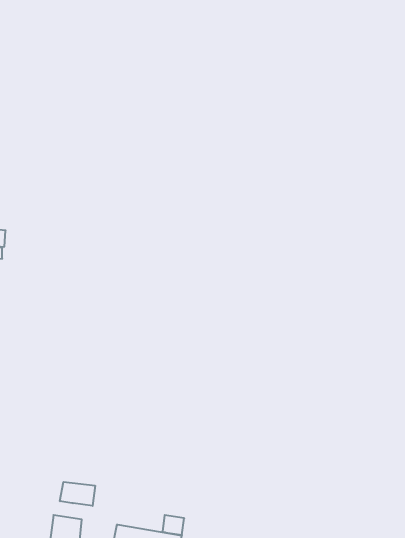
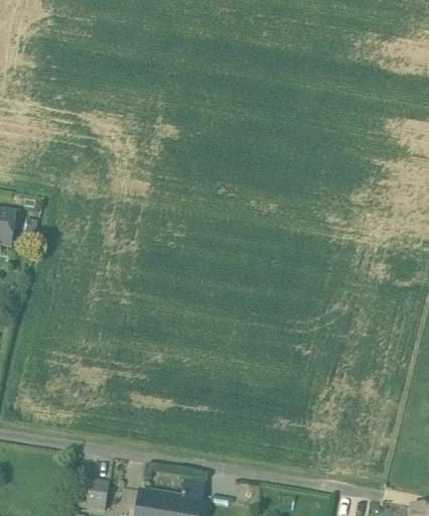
building: [60,482,95,506] -> none

